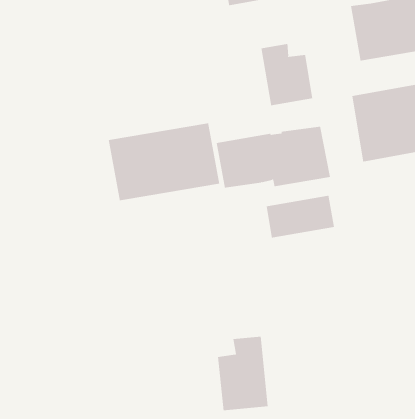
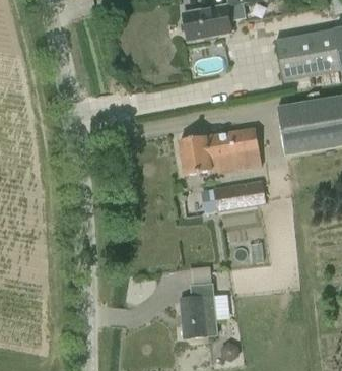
building: [261,43,313,106] -> none
building: [108,123,220,201] -> none

